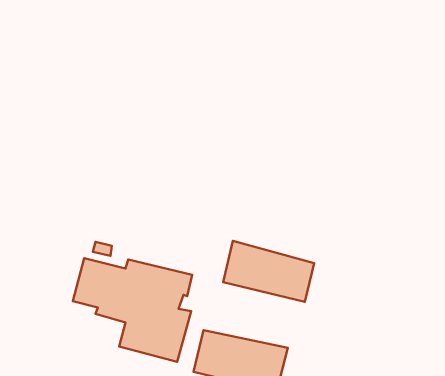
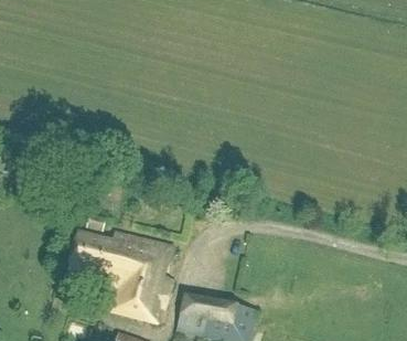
building: [223,241,314,302] -> none

